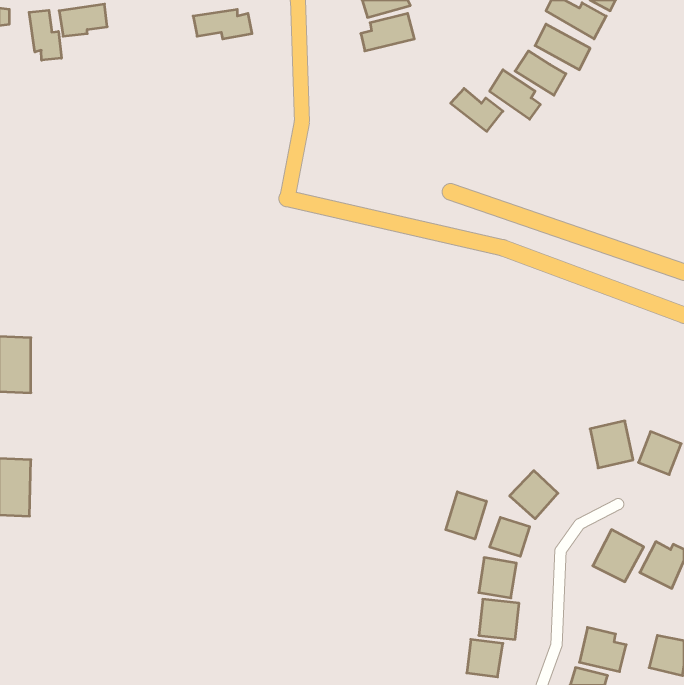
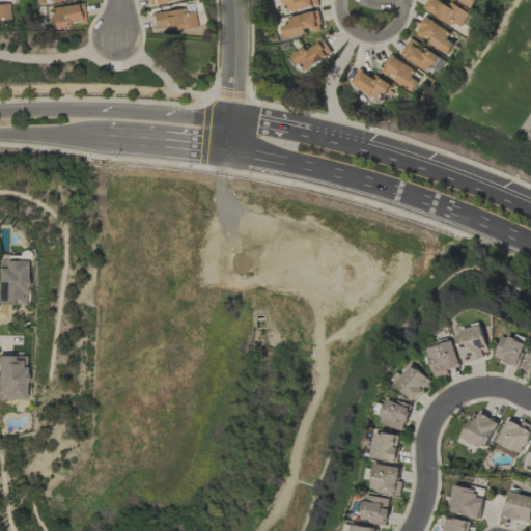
building: [29,10,61,60] -> none
building: none -> [290,38,330,71]
building: none -> [427,341,460,378]
building: [446,492,486,539] -> none

